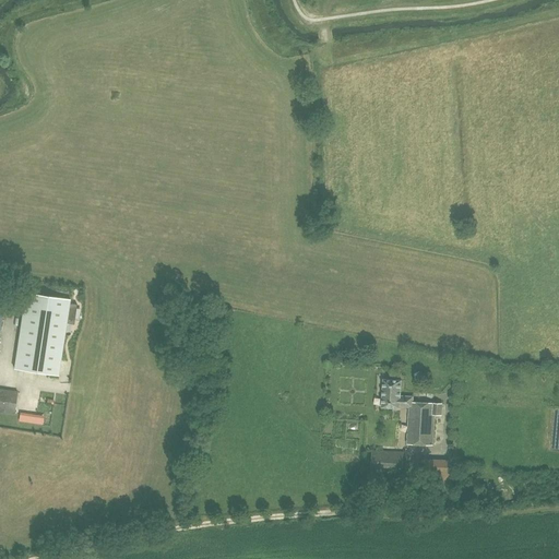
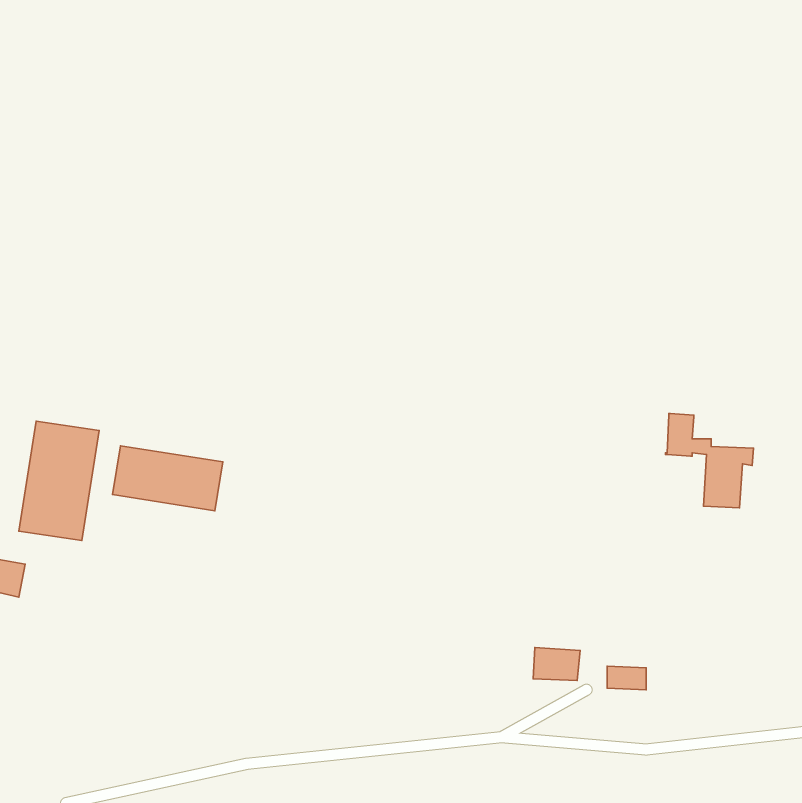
building: none -> [112,446,223,511]
building: [380,379,441,444] -> [666,414,754,508]

